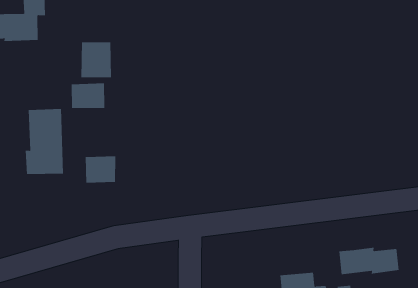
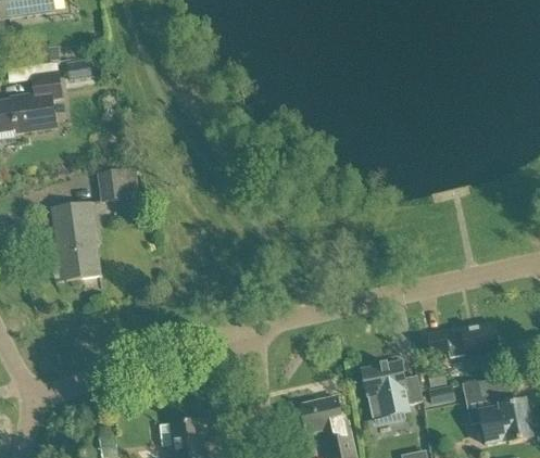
building: [81,41,111,78] -> none
building: [85,156,116,183] -> none

